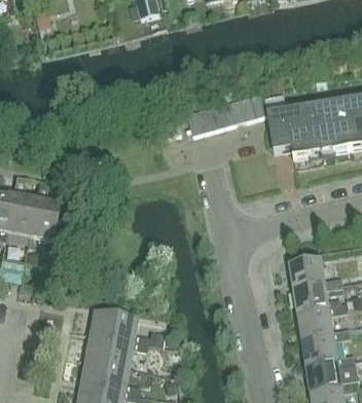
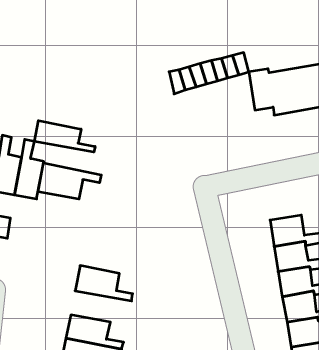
building: none -> [35,121,95,152]
building: none -> [38,163,101,199]
building: [86,335,148,367] -> none

